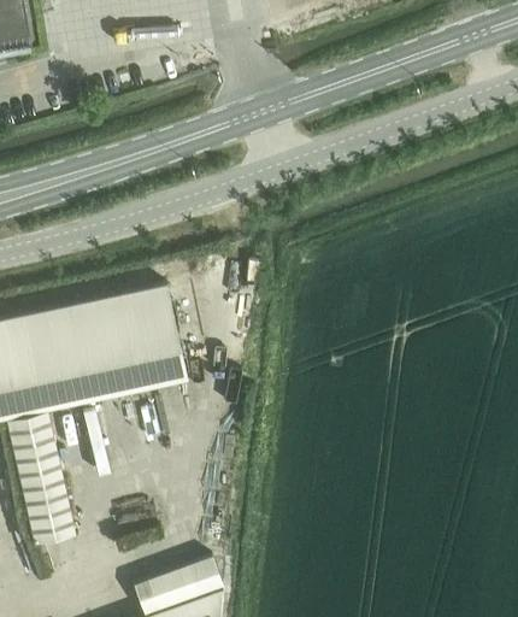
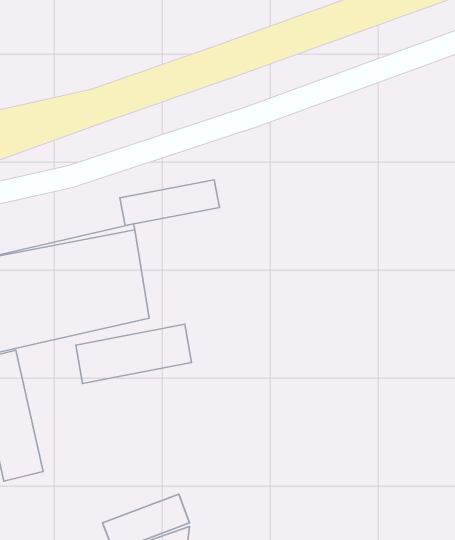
building: none -> [120,180,220,226]
building: none -> [76,324,192,383]

